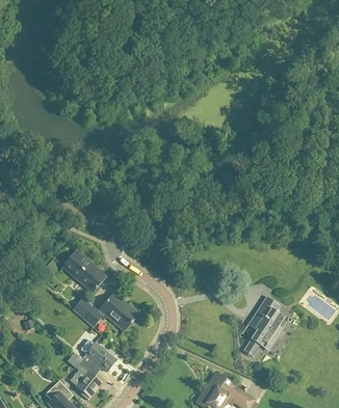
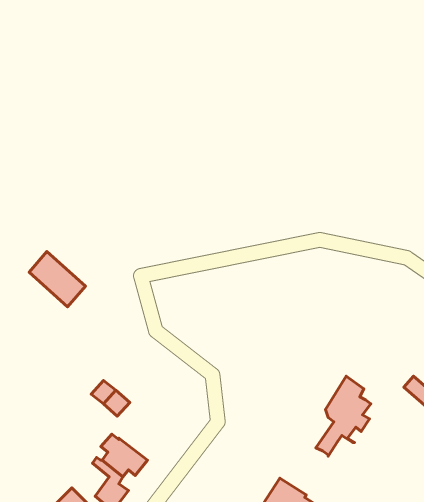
building: [62,250,105,292] -> [29,252,86,307]
building: [99,293,137,330] -> none

